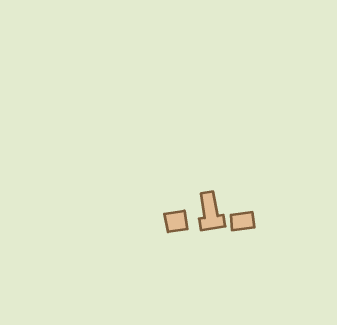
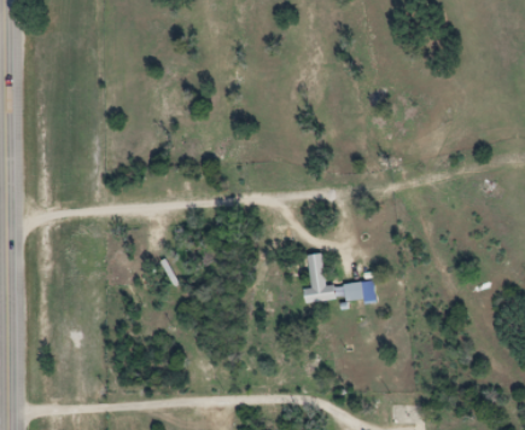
building: [164,211,187,232] -> none

